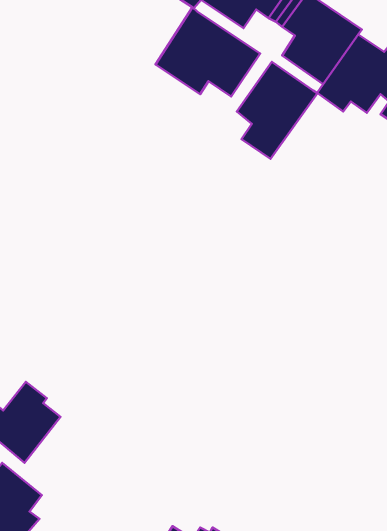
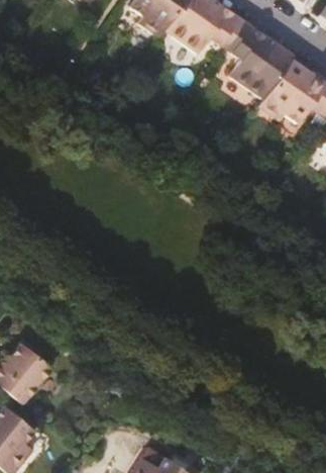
building: [156,7,260,97] -> none
building: [237,62,317,159] -> none

